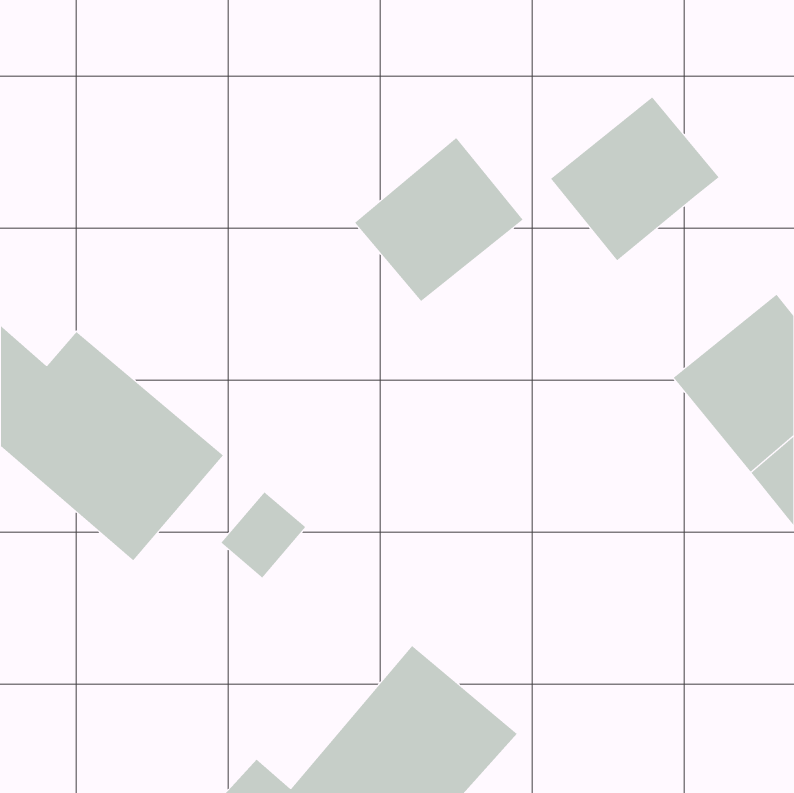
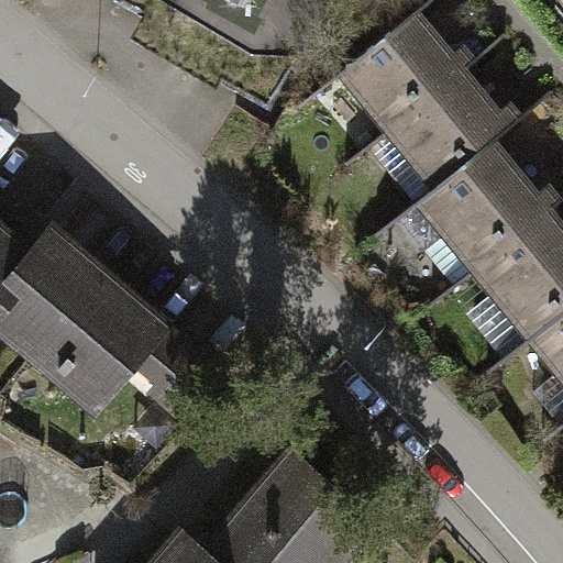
building: [354,137,523,302] -> [342,11,462,128]
building: none -> [420,140,550,285]

